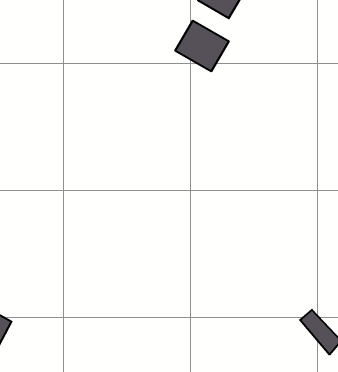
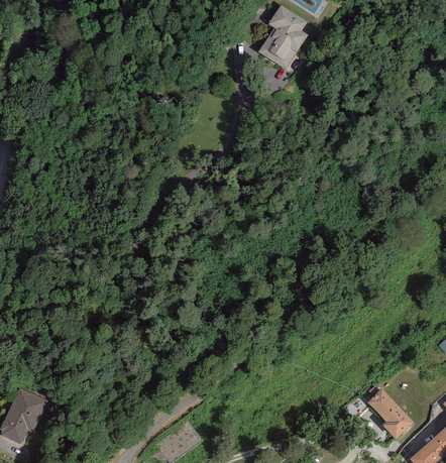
building: [175,21,229,71] -> none

